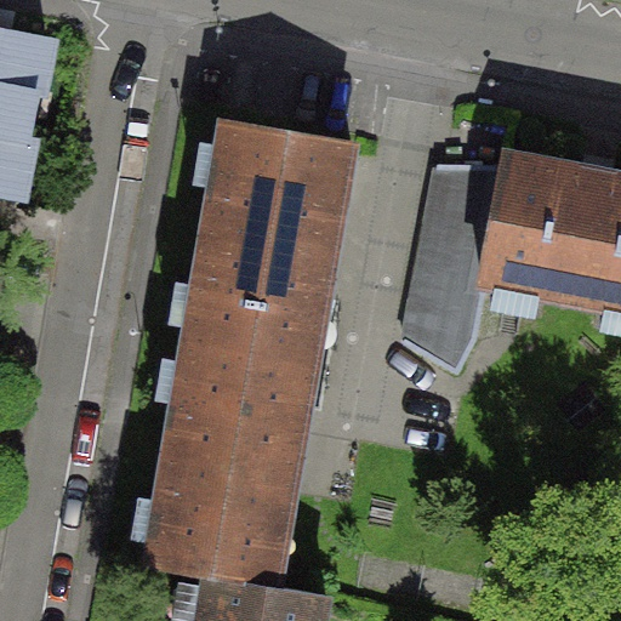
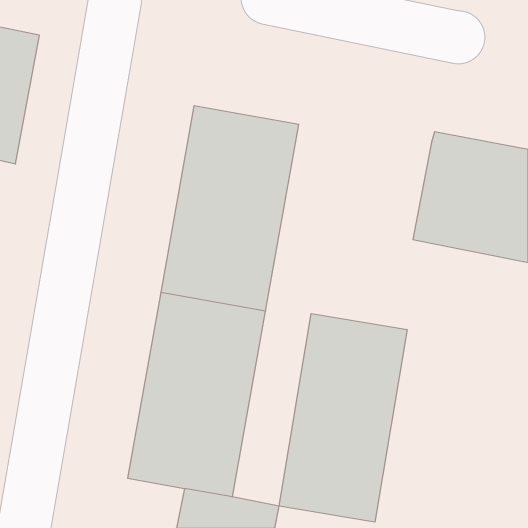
building: [405,166,505,370] -> none
building: none -> [279,314,407,522]

